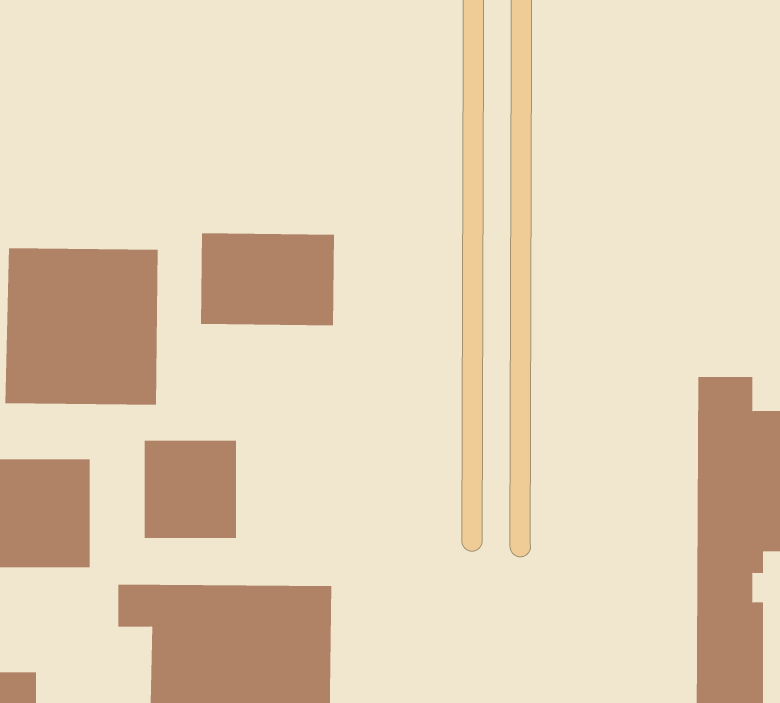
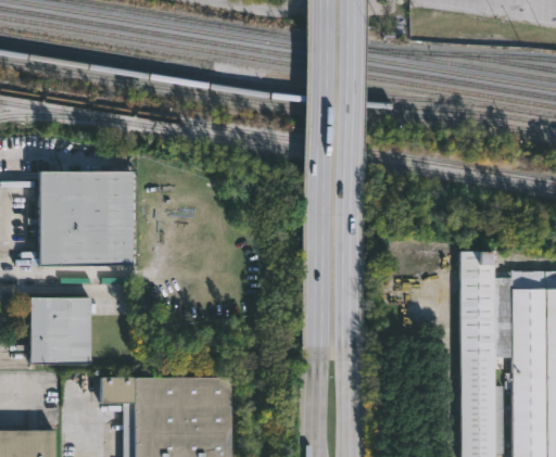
building: [201,232,335,326] -> none
building: [144,440,236,539] -> none

